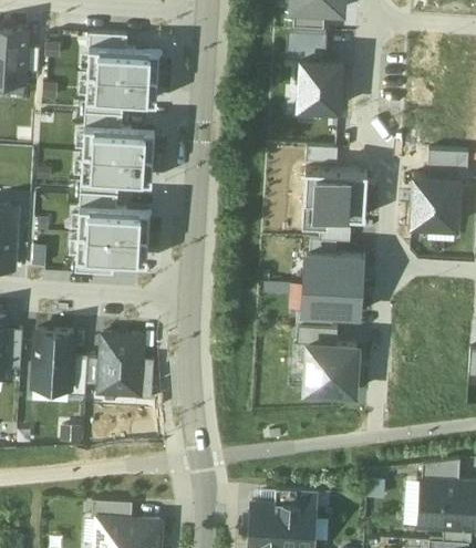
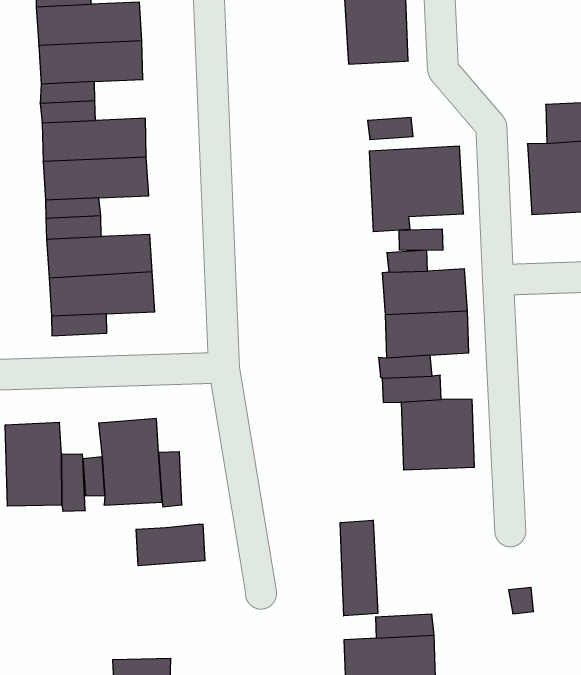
building: none -> [136,524,205,566]
building: none -> [340,520,378,616]

